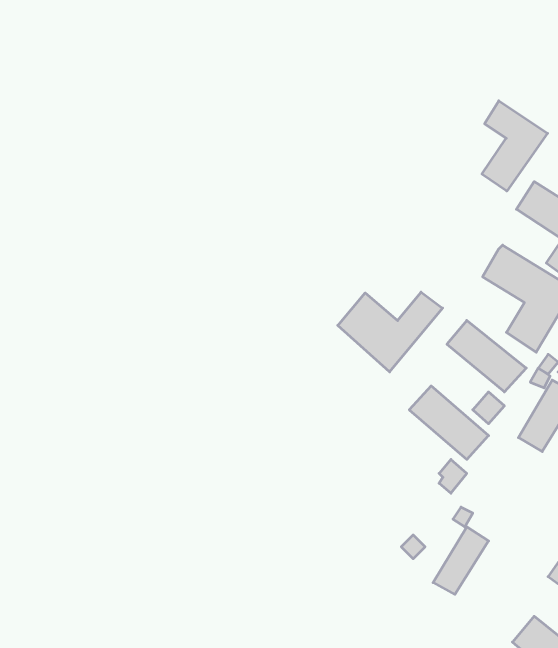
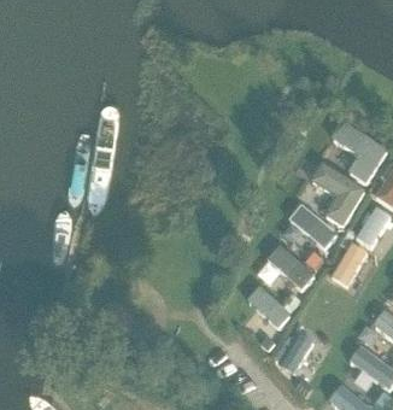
building: [482,101,548,191] -> none
building: [338,292,443,372] -> none
building: none -> [246,285,291,328]

